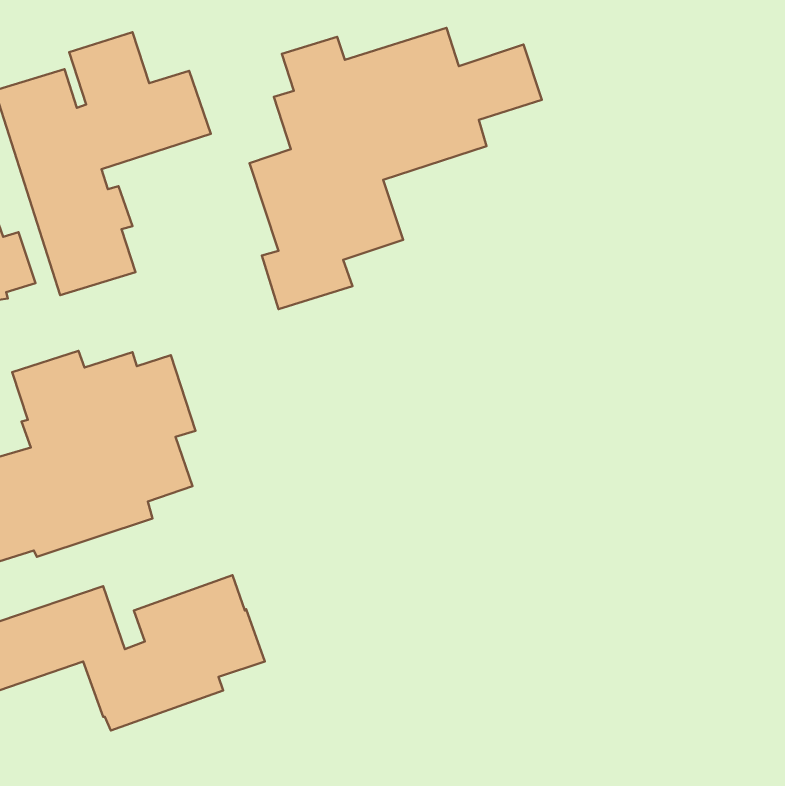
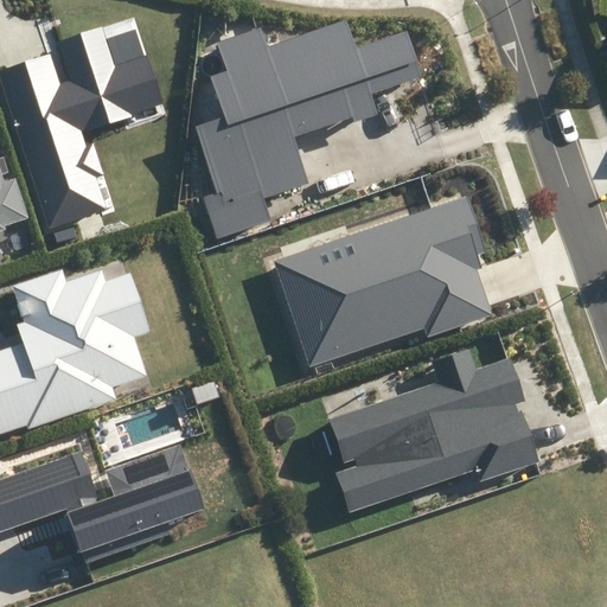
building: none -> [273,196,492,368]
building: none -> [328,349,537,512]

